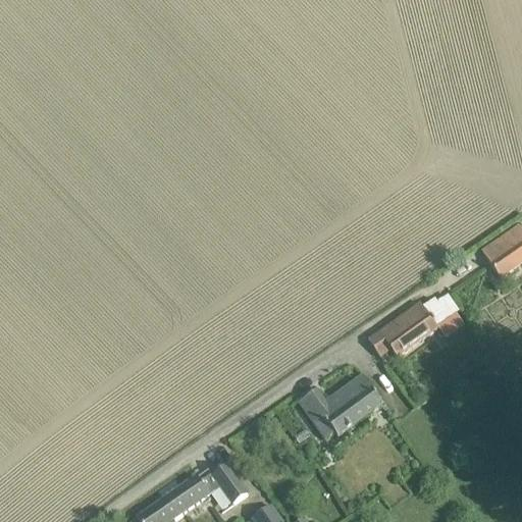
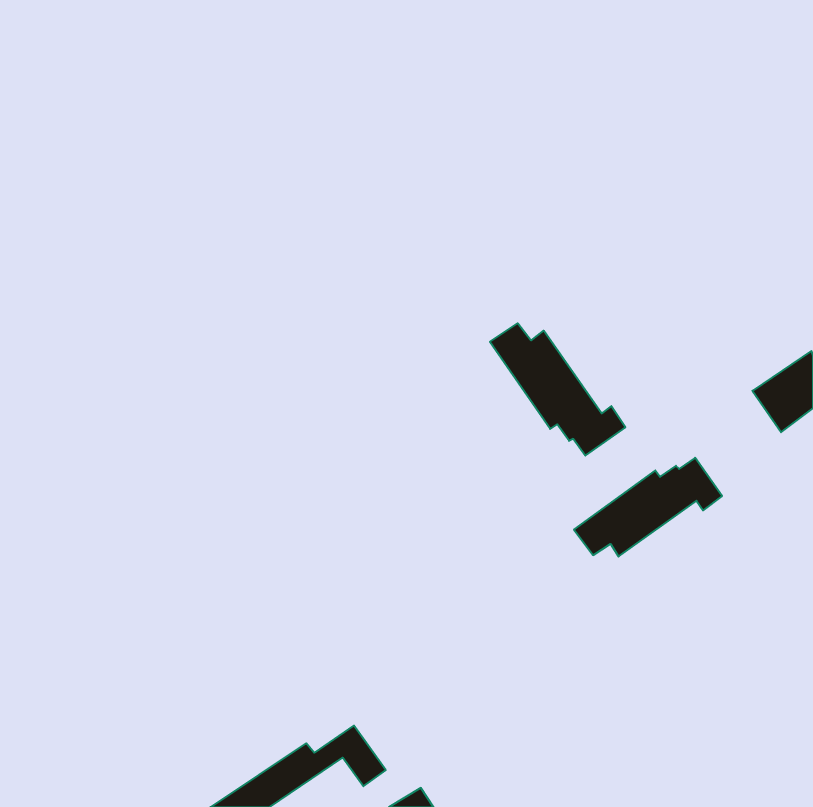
building: none -> [490,323,625,456]
building: [298,373,381,437] -> none

